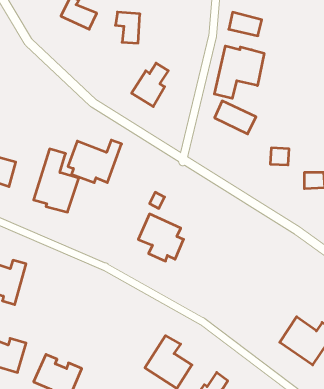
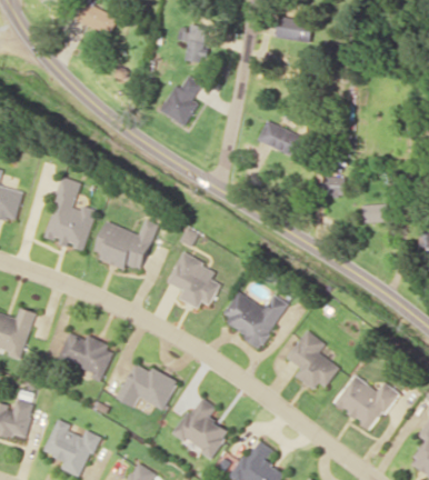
building: [115,12,140,43] -> [177,26,206,62]
building: [214,46,264,98] -> none
building: [68,140,122,183] -> [93,220,157,270]
building: none -> [219,292,287,346]
building: none -> [286,330,337,393]
building: none -> [57,332,114,379]
building: none -> [114,363,178,410]

